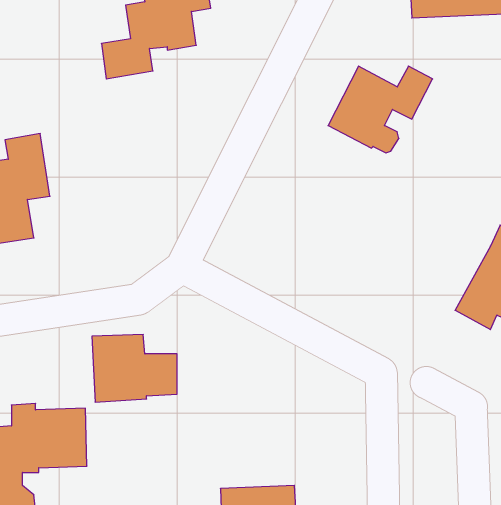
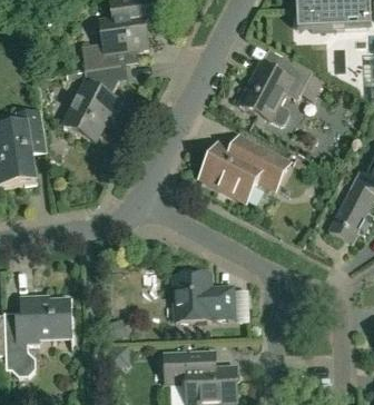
building: none -> [63,63,128,140]
building: none -> [199,136,286,199]
building: [92,335,177,402] -> [174,274,233,320]

